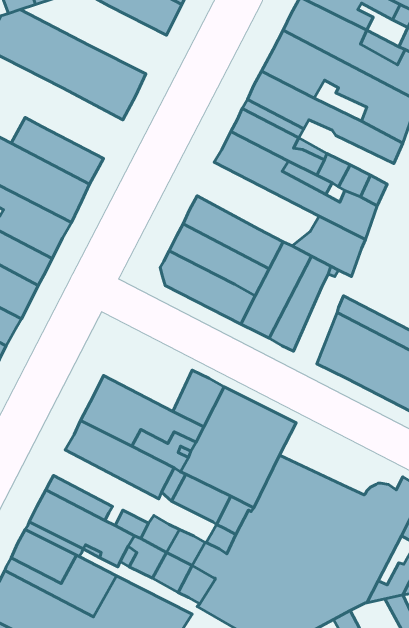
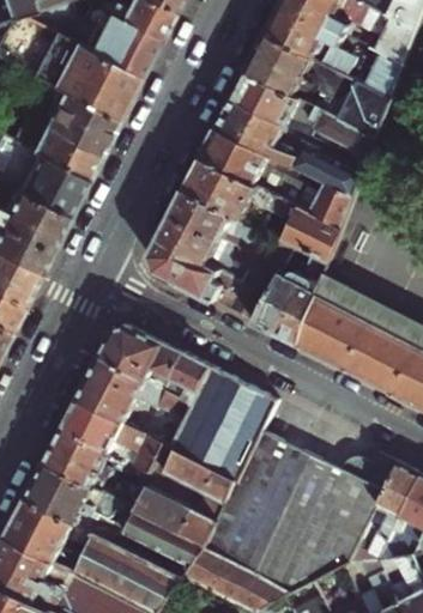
building: none -> [86,12,158,75]
building: none -> [42,89,117,154]
building: none -> [187,158,301,223]
building: none -> [277,274,319,346]
building: none -> [99,324,182,390]
building: none -> [53,426,151,479]

